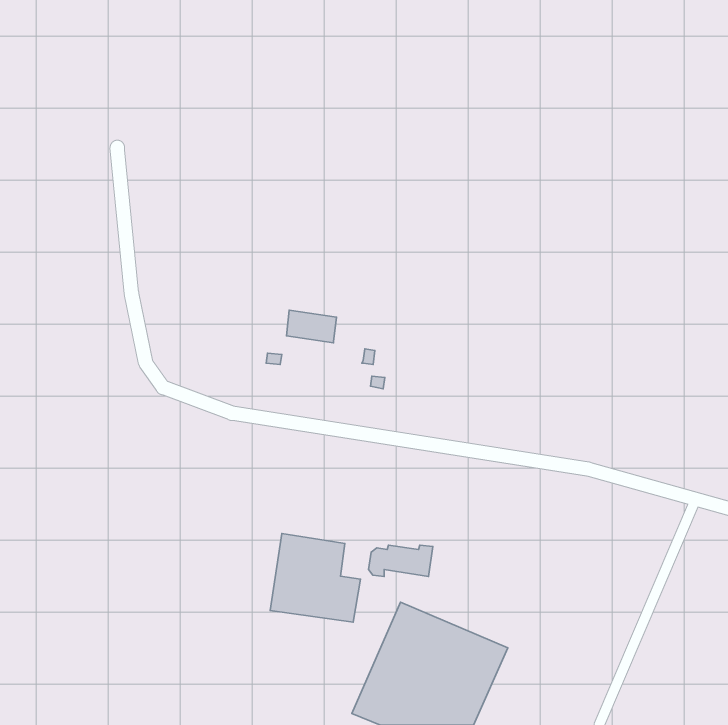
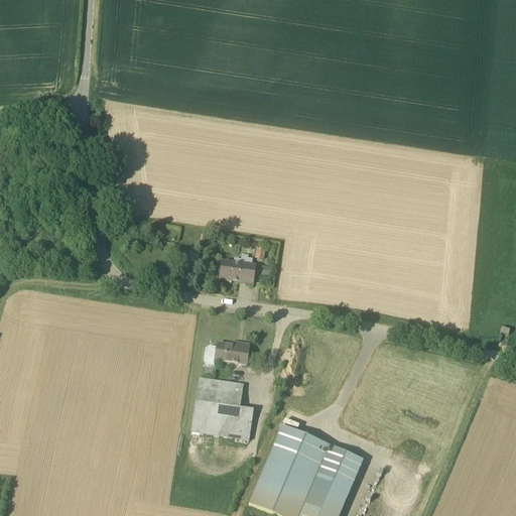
building: [286,310,336,343] -> [222,259,257,282]
building: [368,545,433,577] -> [206,342,251,364]

